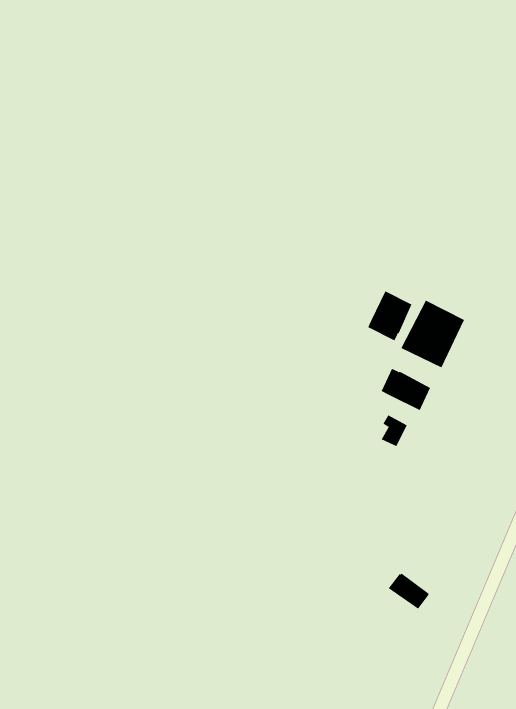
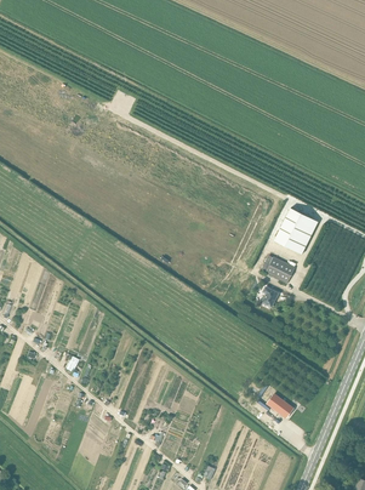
building: [367,290,412,341] -> none

